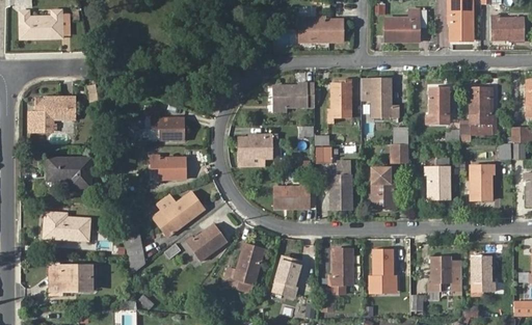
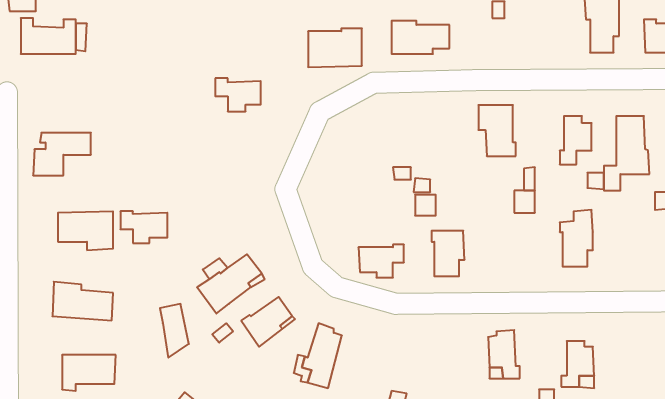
building: [383,16,417,42] -> none
building: [327,79,351,124] -> none
building: [273,83,314,112] -> [308,28,362,67]
building: [151,115,185,140] -> [215,78,261,111]
building: [239,134,278,163] -> none
building: [151,156,186,180] -> [120,211,167,243]
building: [469,167,494,201] -> none
building: [369,169,393,209] -> none
building: [329,249,352,287] -> none
building: [471,256,496,293] -> none
building: [274,258,301,294] -> none

